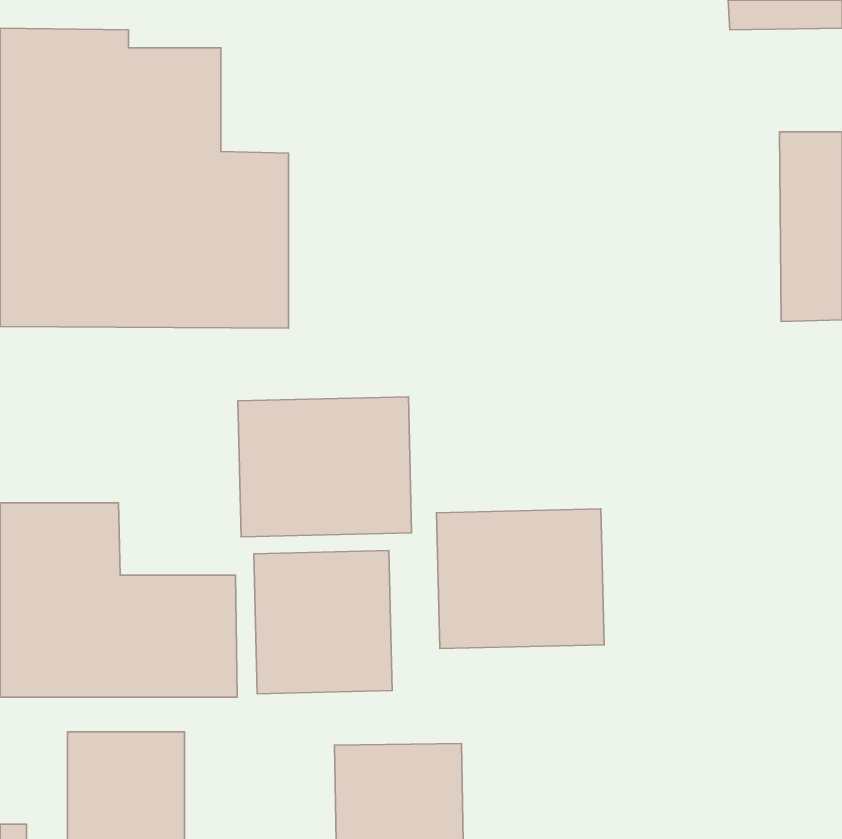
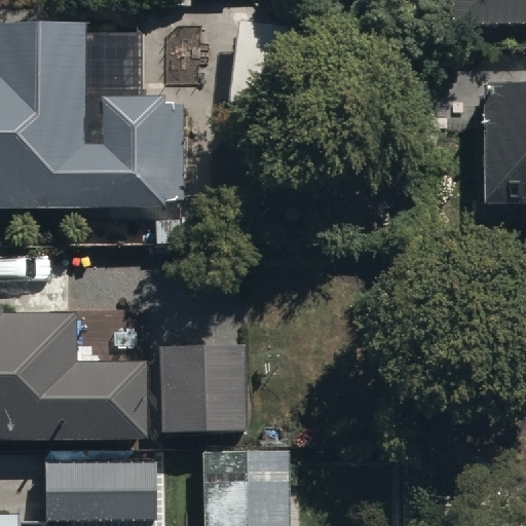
building: [238,397,412,537] -> none
building: [437,509,604,648] -> none

